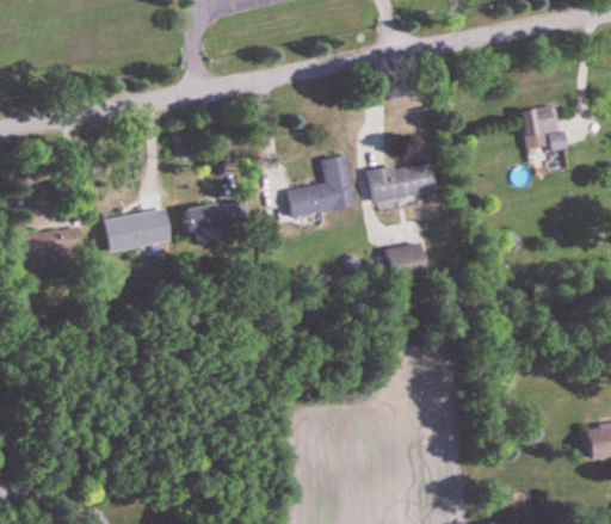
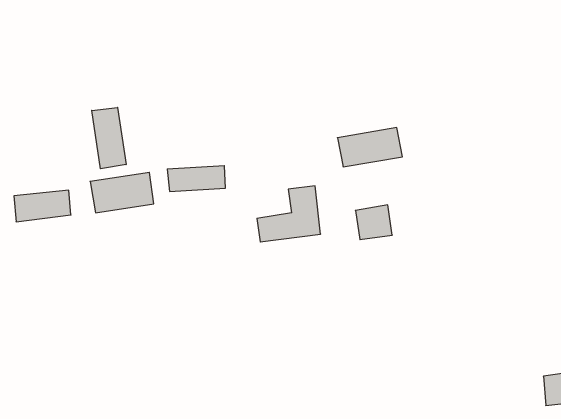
building: [519,104,564,152] -> none
building: none -> [92,107,126,169]
building: [286,155,354,215] -> [257,186,321,242]

